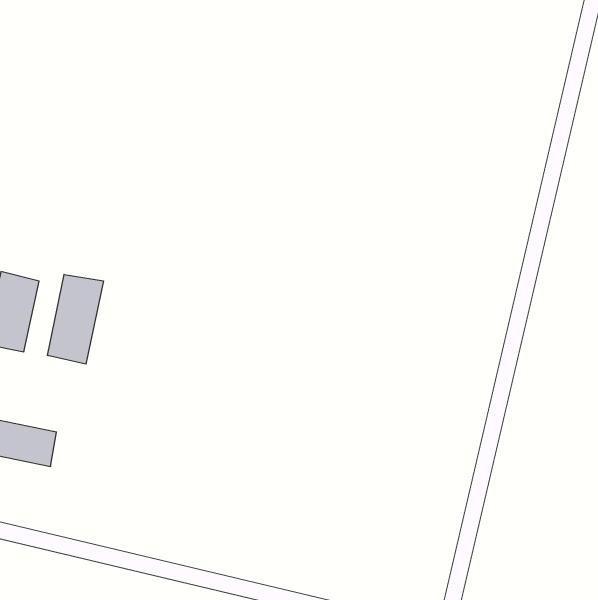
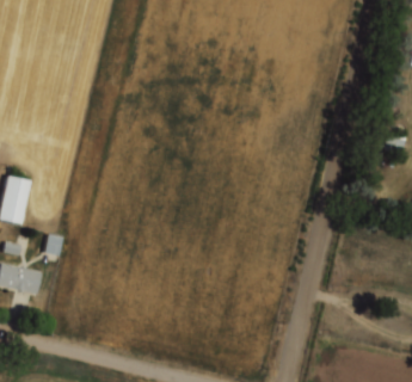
building: [47,274,103,364] -> none

